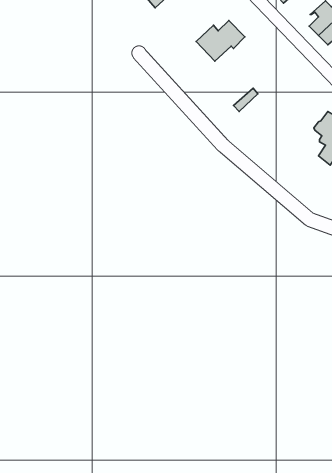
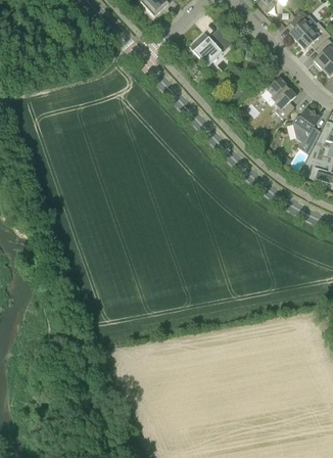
building: none -> [267,77,296,119]

